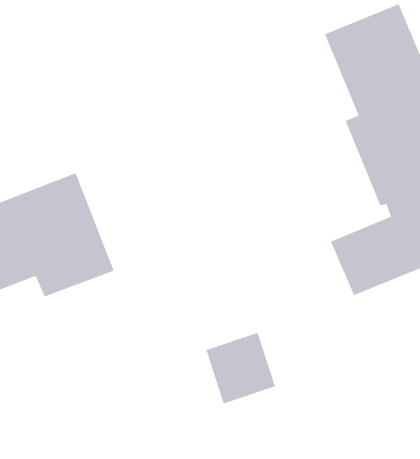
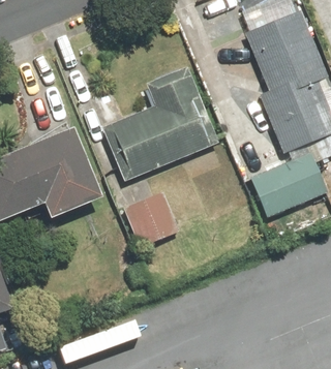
building: none -> [104,65,220,180]
building: [205,332,276,404] -> [126,193,176,244]

